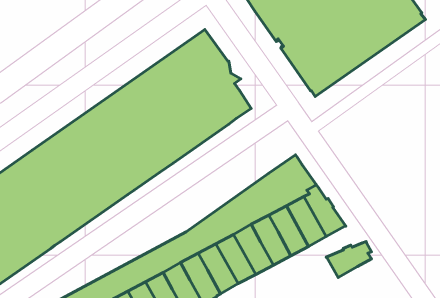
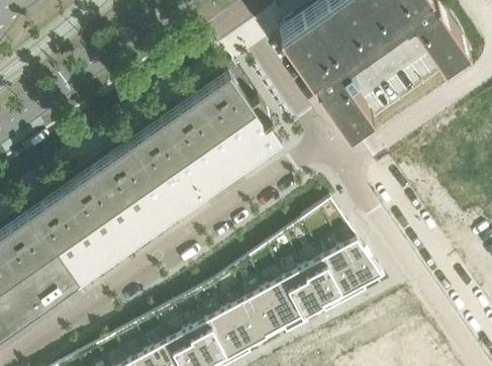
building: [326,241,372,277] -> none

